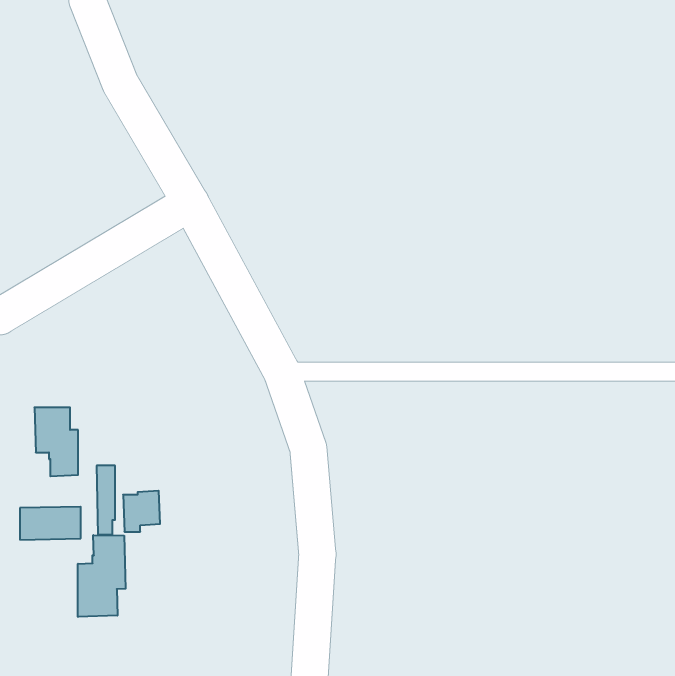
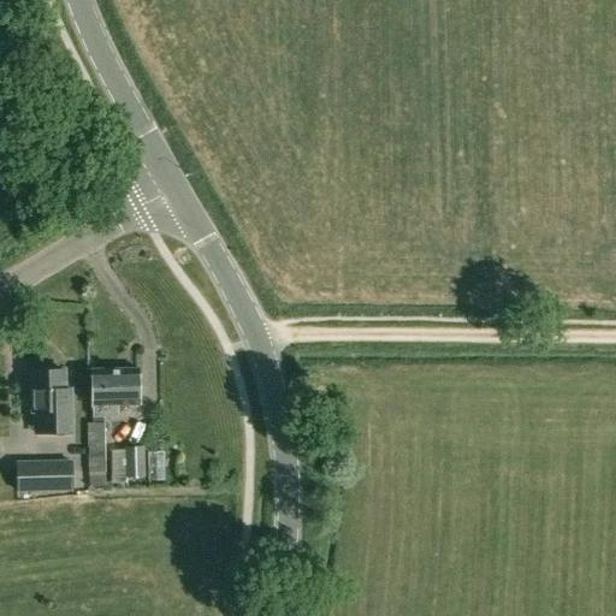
building: none -> [93,368,140,416]
building: [78,535,126,617] -> none

